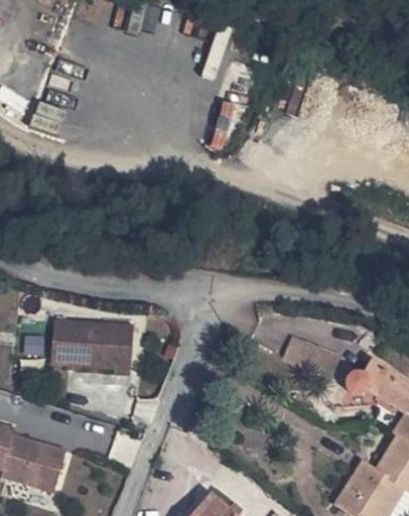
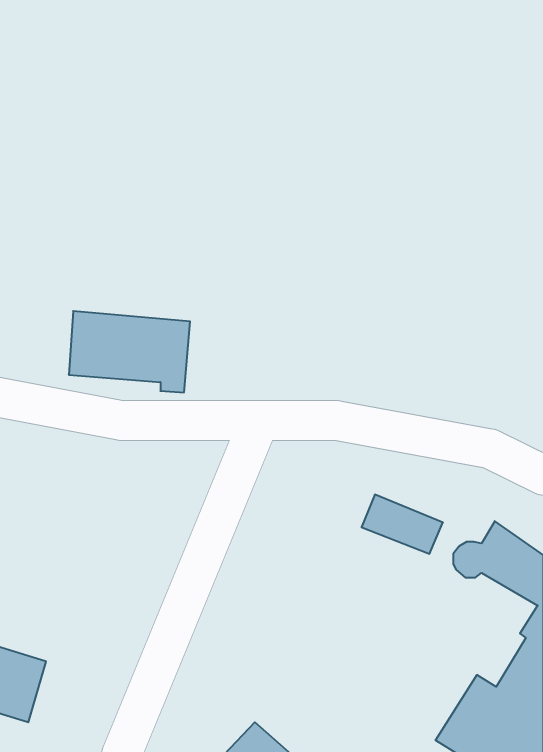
building: [52,319,135,375] -> [69,311,190,392]

